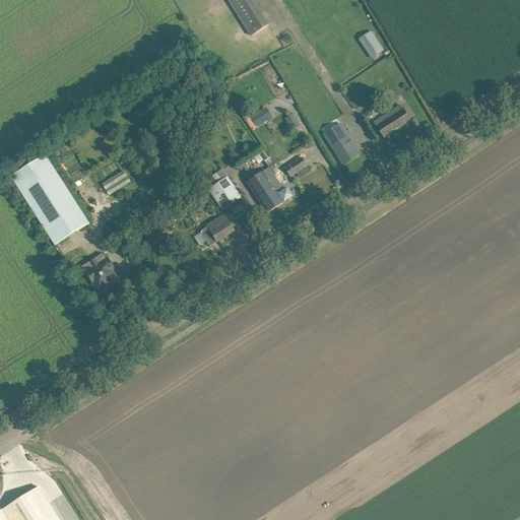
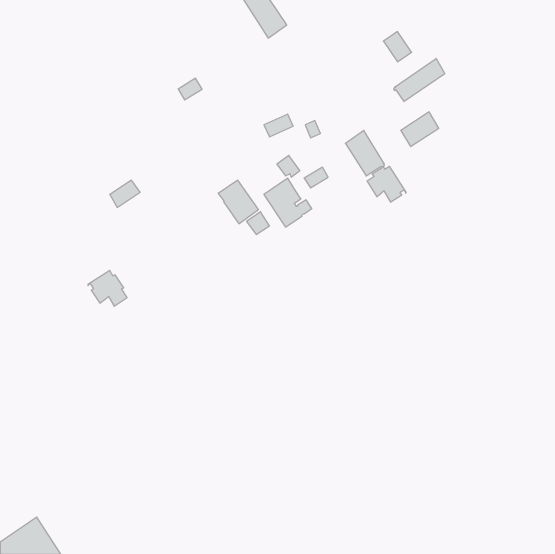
building: none -> [394,58,445,102]
building: [10,153,89,245] -> none
building: none -> [367,166,406,202]
building: [199,214,234,246] -> none

